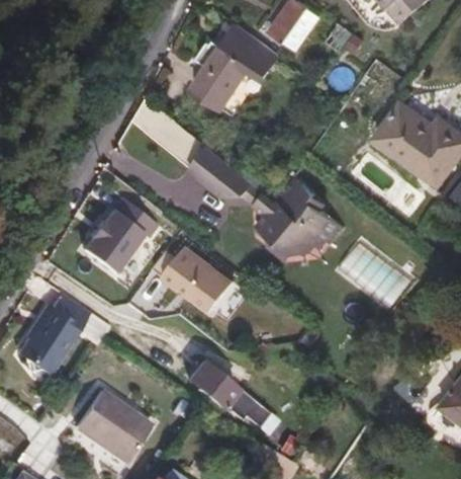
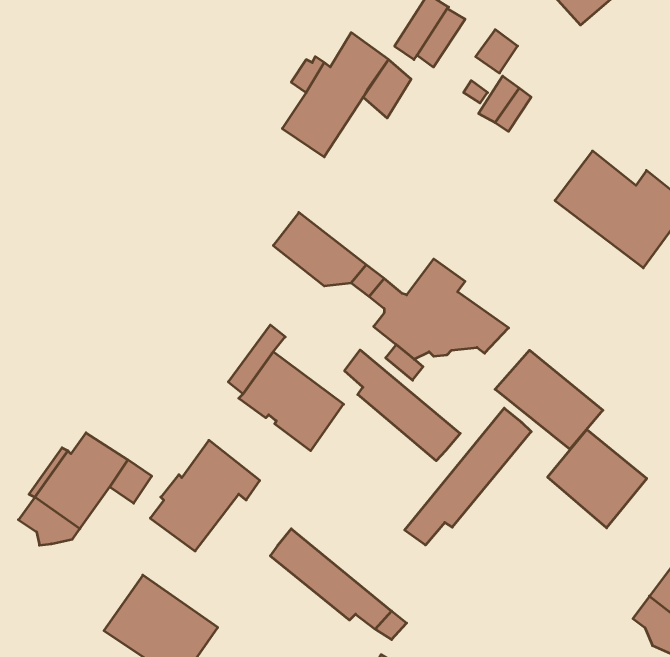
building: [86,193,160,268] -> [150,440,260,551]
building: none -> [345,350,460,461]
building: none -> [405,408,531,545]
building: none -> [548,429,647,528]

